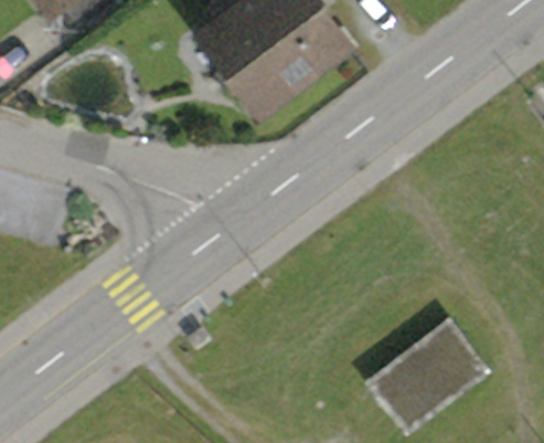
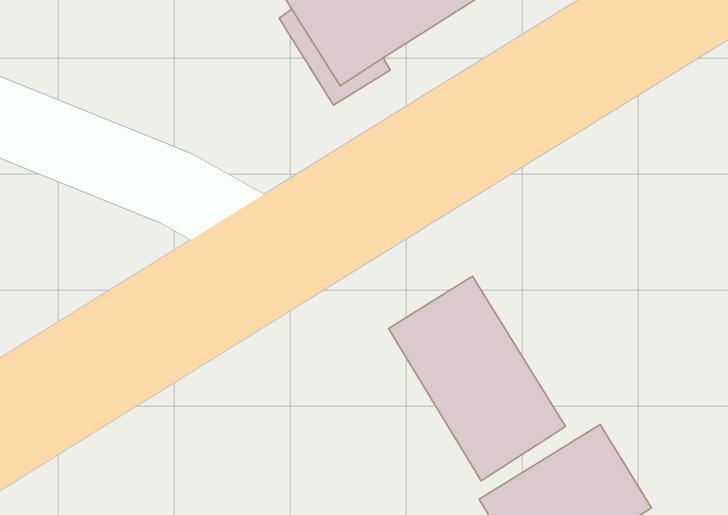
building: none -> [389,276,566,481]

